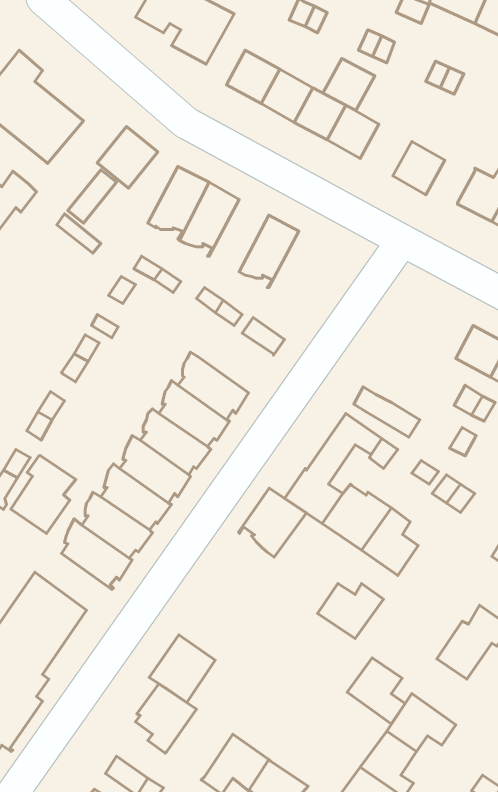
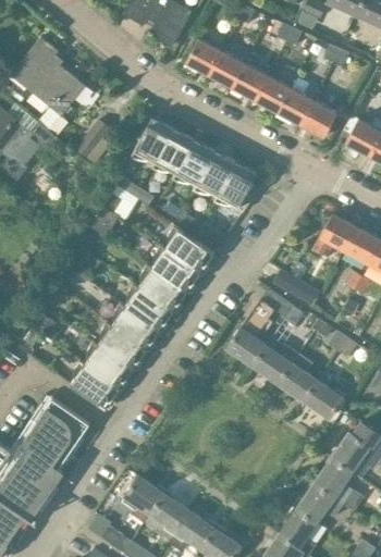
building: [323,59,375,110] -> [278,88,314,124]
building: [97,127,158,188] -> none
building: none -> [173,140,214,190]
building: none -> [214,162,261,212]
building: none -> [312,214,356,257]
building: none -> [165,226,214,273]
building: [11,455,76,533] -> none
building: [238,488,306,557] -> none
building: [317,584,383,639] -> [304,380,349,418]
building: [149,635,215,703] -> [144,493,189,540]
building: [347,658,405,724] -> [314,458,354,504]

